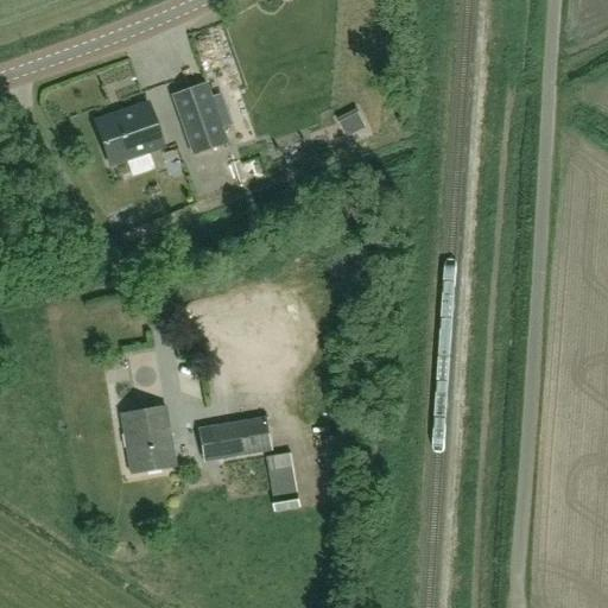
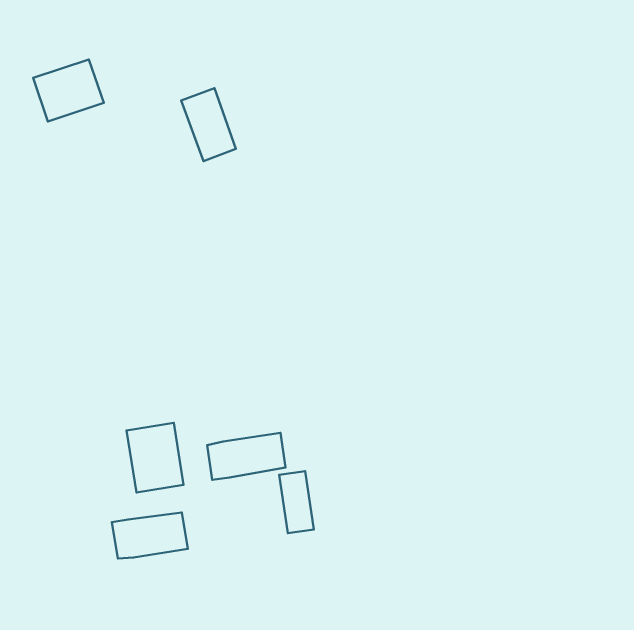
building: [95,104,163,164] -> [33,59,104,121]
building: none -> [112,512,188,559]

